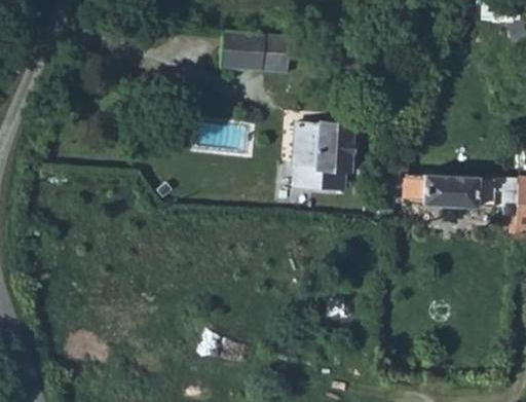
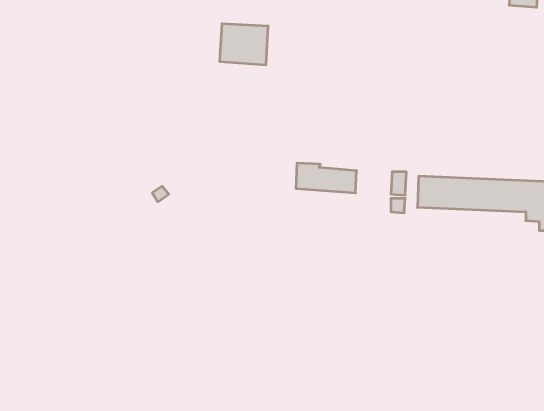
building: [265,35,293,72] -> none
building: [292,122,352,170] -> none

